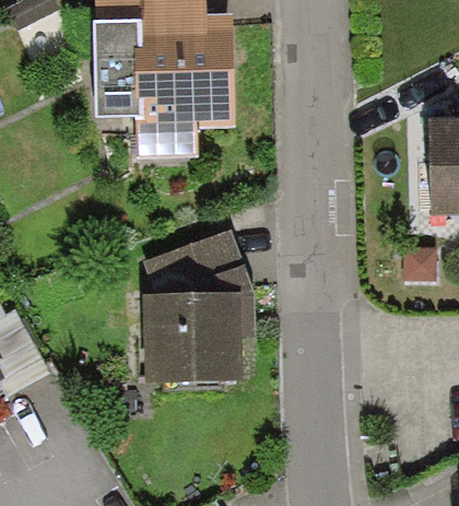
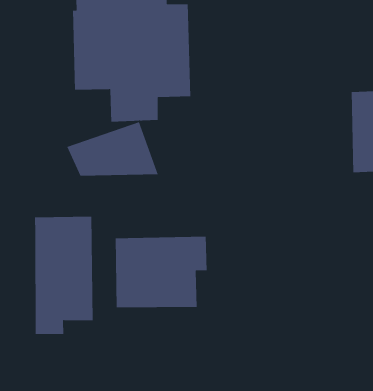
building: [143,228,255,295] -> [66,121,159,177]
building: none -> [34,216,94,335]

